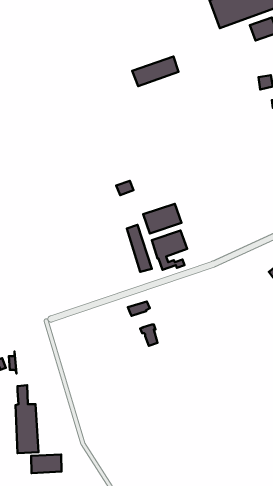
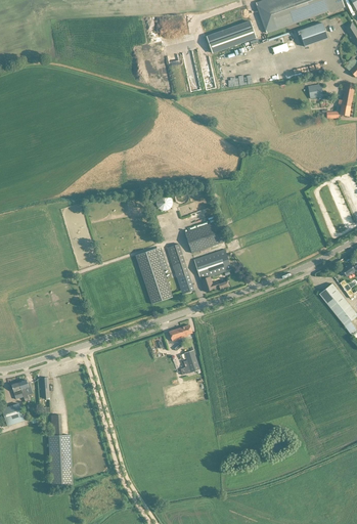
building: [132,57,178,86] -> [206,20,255,52]
building: none -> [135,248,172,302]
building: [31,455,61,473] -> none

